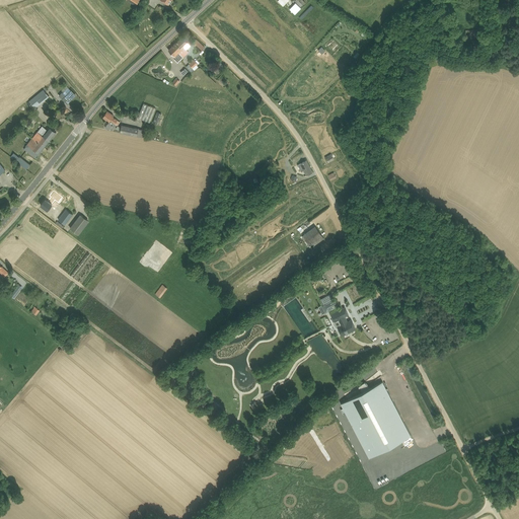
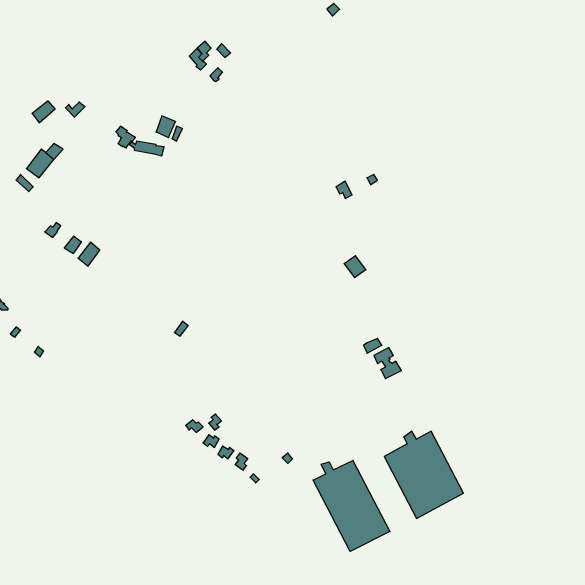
building: none -> [313,460,390,551]

